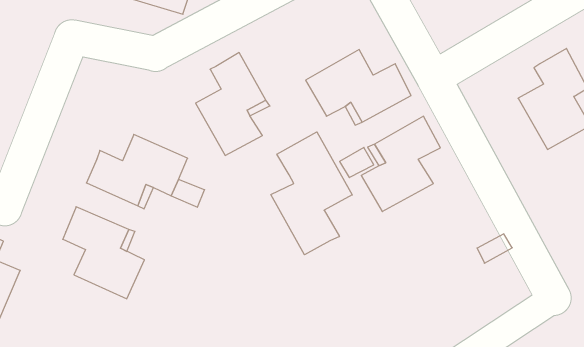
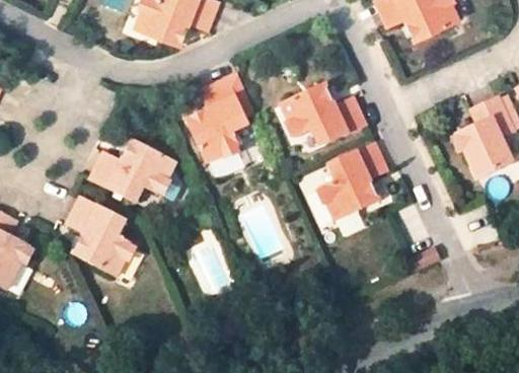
building: [271,132,352,255] -> none

